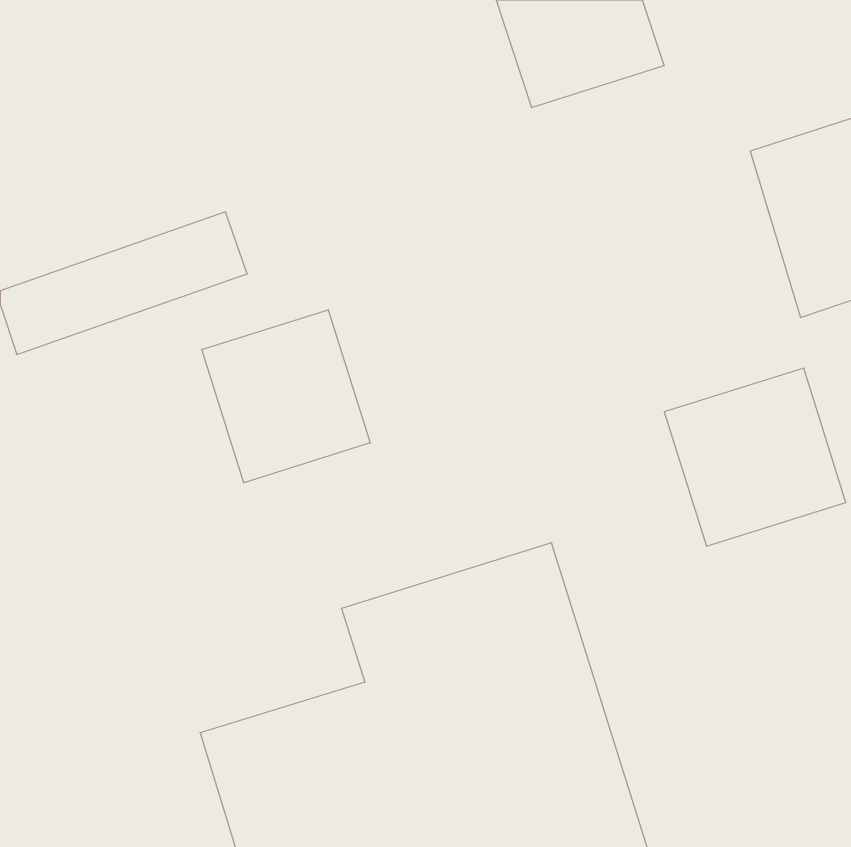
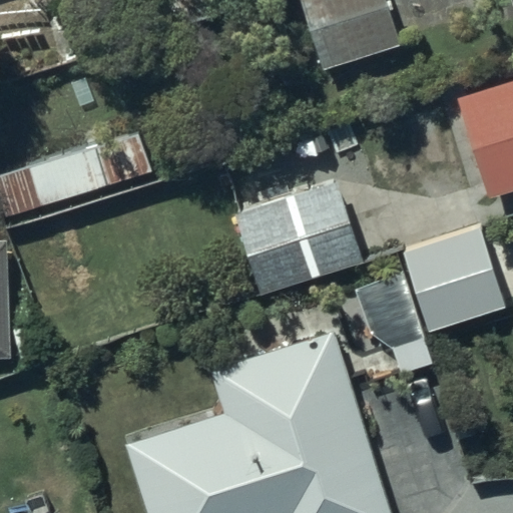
building: none -> [232,179,364,295]
building: [202,310,370,483] -> none

